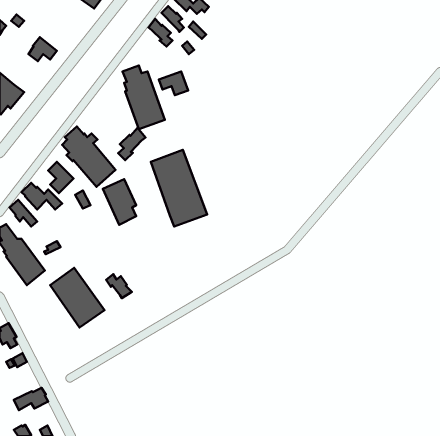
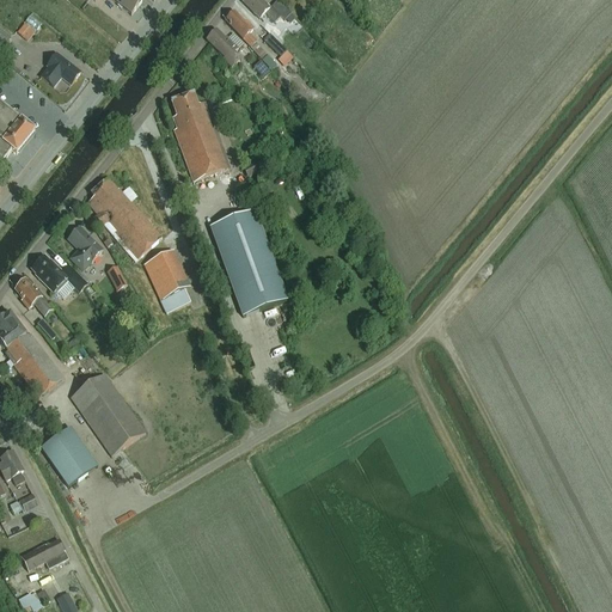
building: [159,71,188,95] -> none
building: [118,128,146,160] -> none
building: [106,274,132,298] -> none
building: none -> [39,424,97,484]

